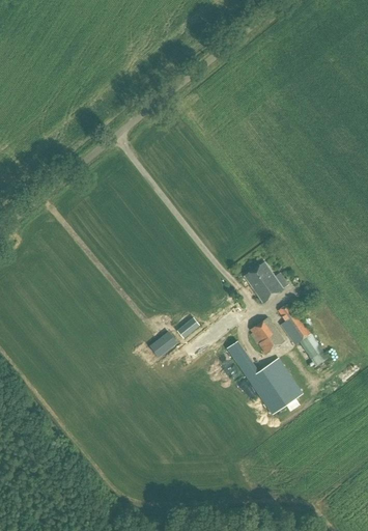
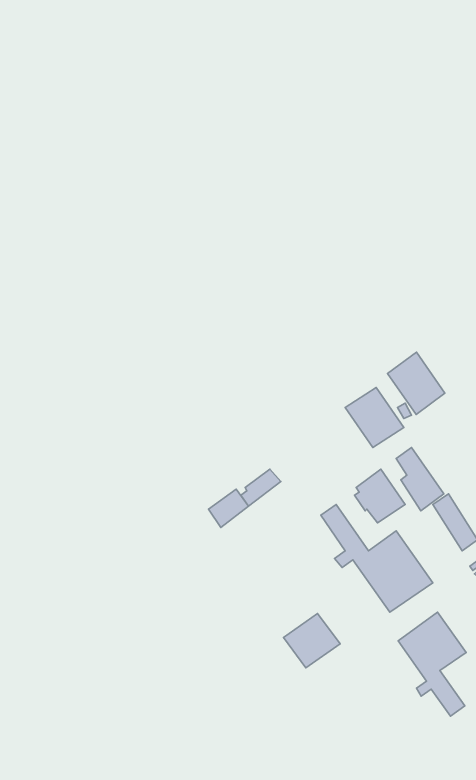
building: none -> [388,352,445,415]
building: none -> [398,612,466,716]
building: none -> [283,614,340,668]

